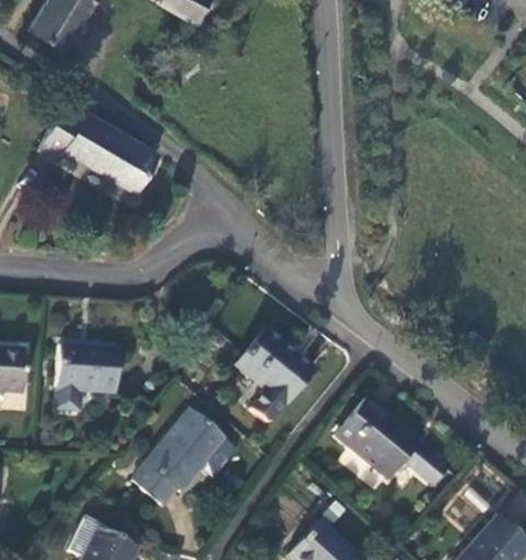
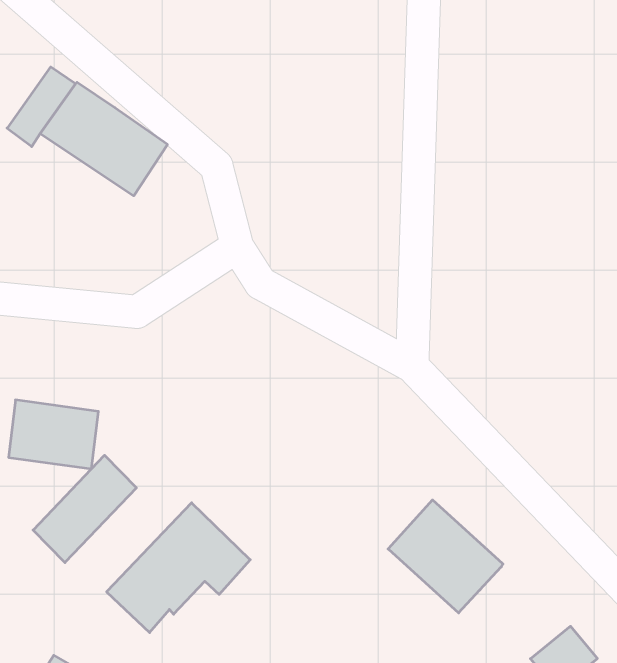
building: [234,330,313,405] -> none
building: none -> [33,455,136,563]
building: [403,444,451,486] -> none

